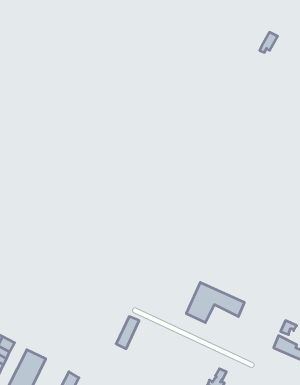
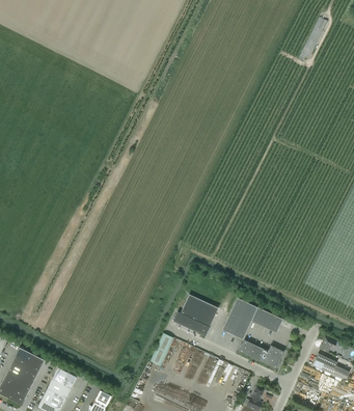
building: none -> [172,294,218,336]
building: none -> [239,339,283,368]

